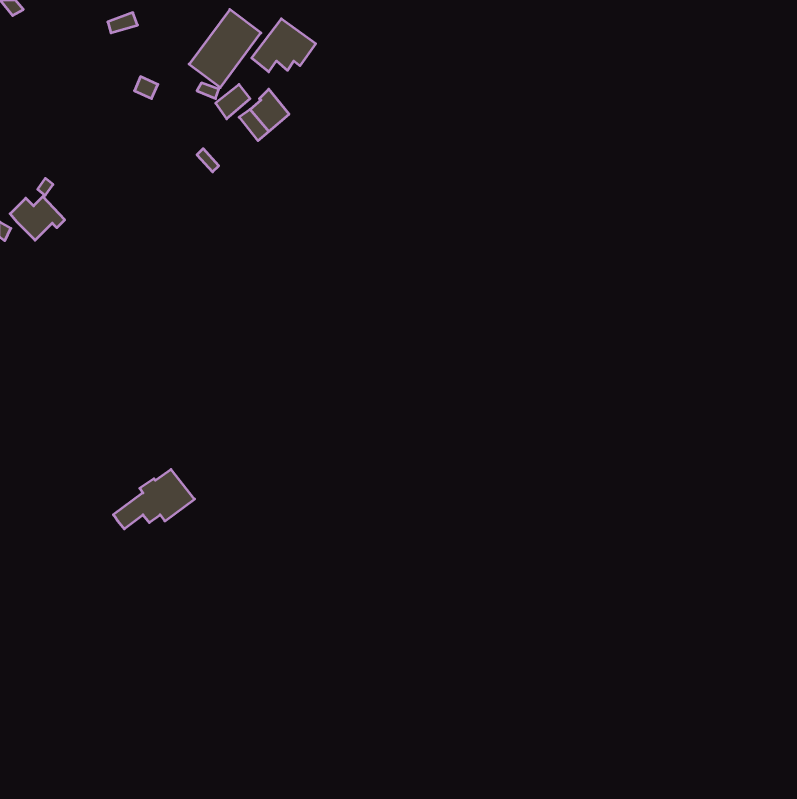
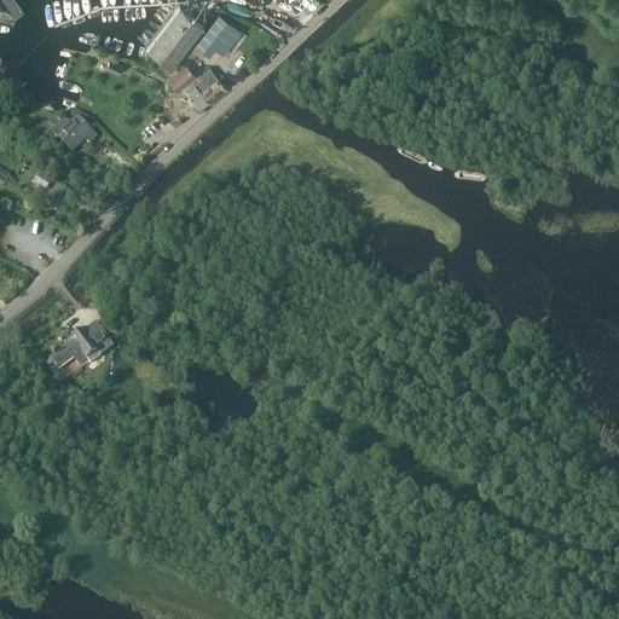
building: [10,196,65,240] -> [52,118,94,152]
building: [113,469,195,529] -> [50,324,112,370]

